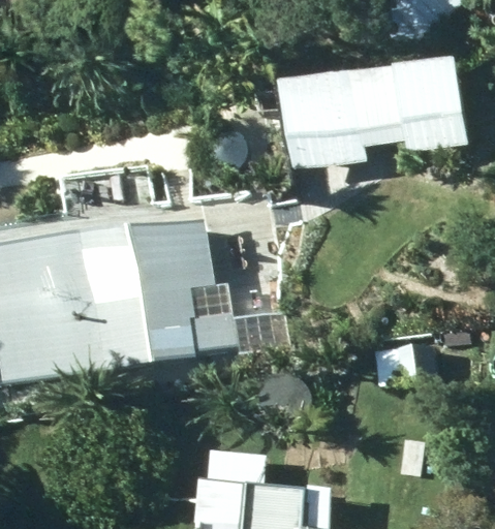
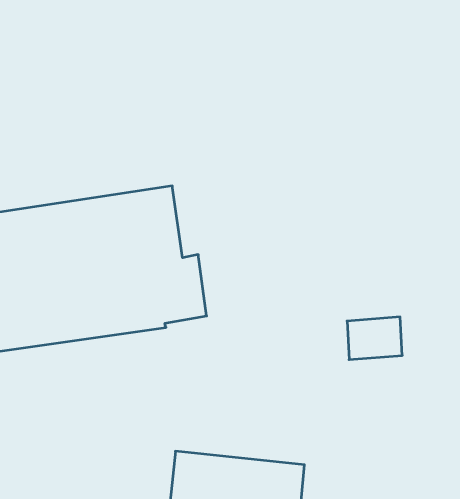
building: [280,56,465,166] -> none

